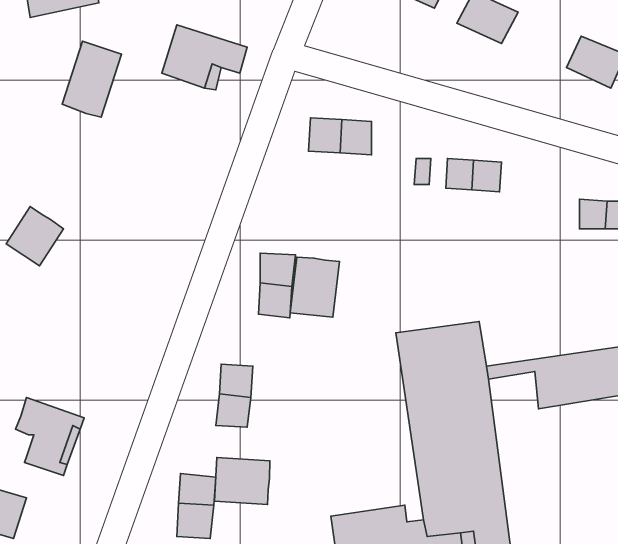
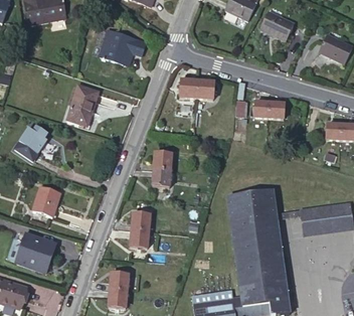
building: [62,41,121,117] -> [66,85,99,126]
building: [290,257,339,317] -> none
building: none -> [32,185,60,216]
building: [215,458,270,504] -> none

